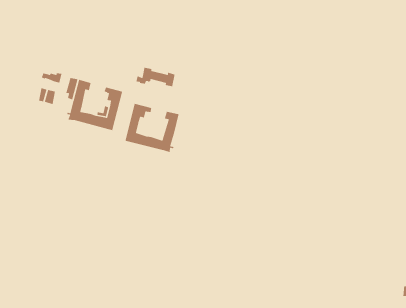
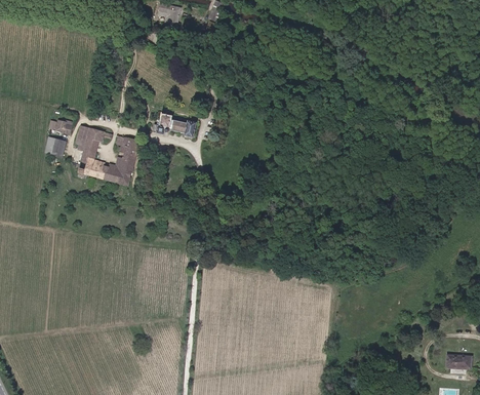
building: [124,103,180,153] -> none

